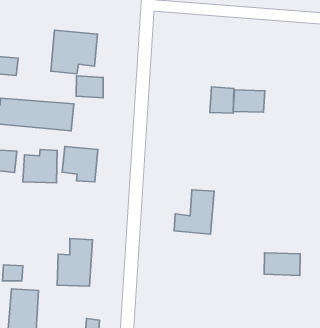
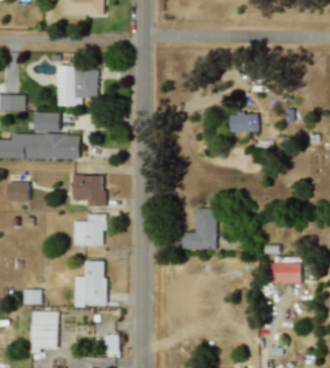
building: [76,76,103,98] -> [33,113,60,132]
building: [210,87,234,113] -> none
building: [23,149,57,183] -> [74,214,105,246]

